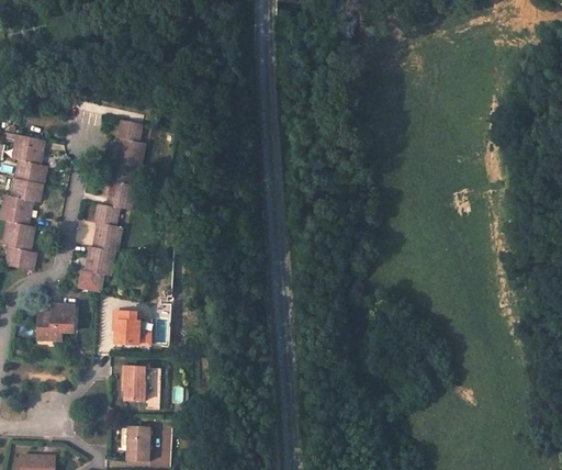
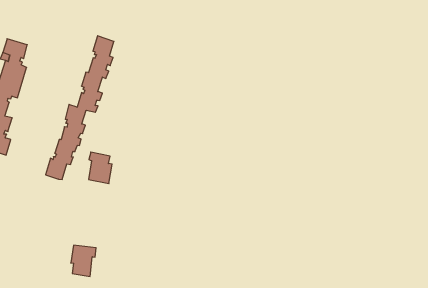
building: [38,305,74,340] -> none
building: [113,312,140,346] -> [89,152,112,184]

